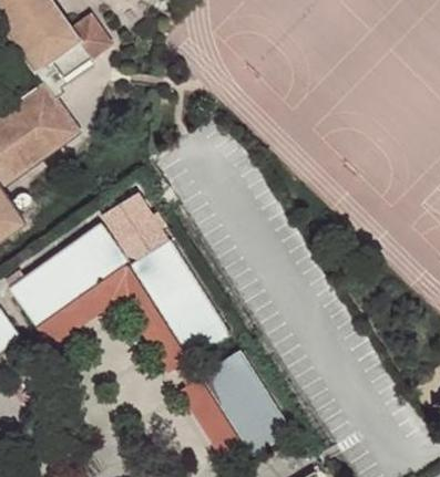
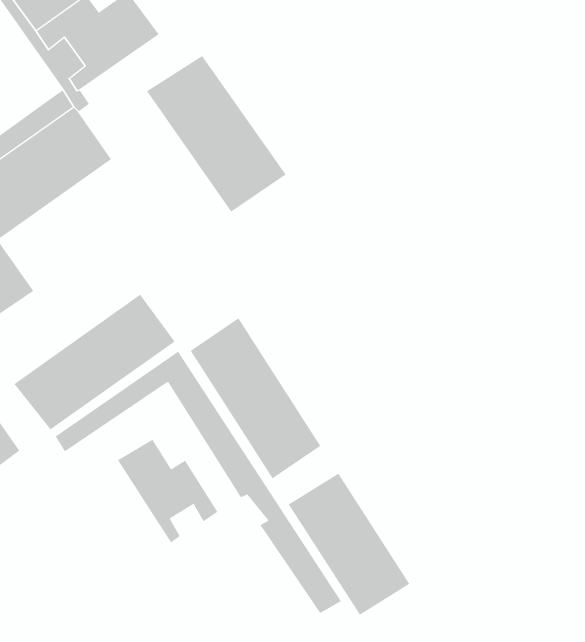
building: none -> [146,55,286,212]
building: [102,196,168,261] -> none
building: none -> [117,439,218,543]

